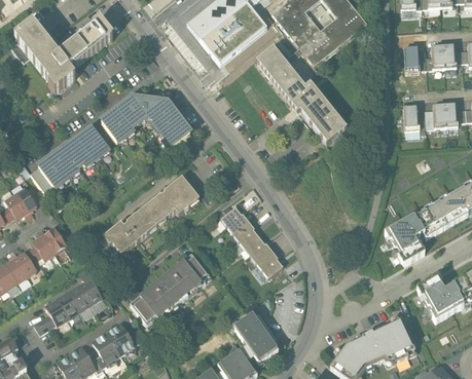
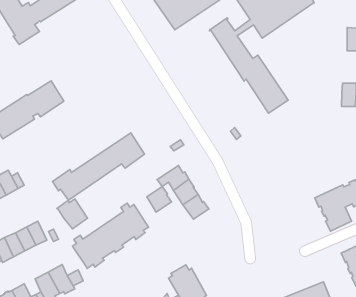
building: [101,98,190,149] -> none
building: [256,250,283,277] -> [147,187,172,212]
building: none -> [57,199,87,229]

